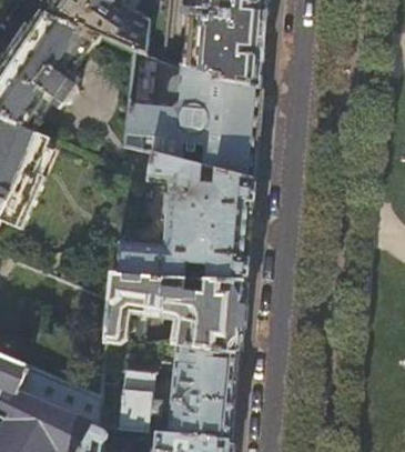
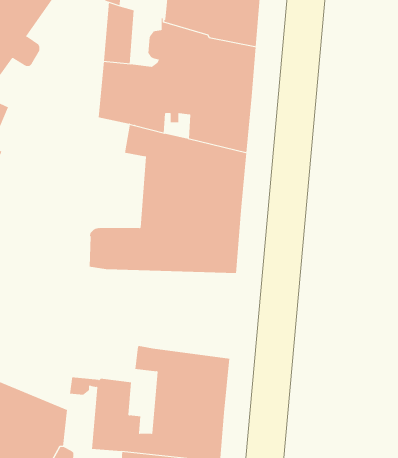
building: [100,272,240,371] -> none

